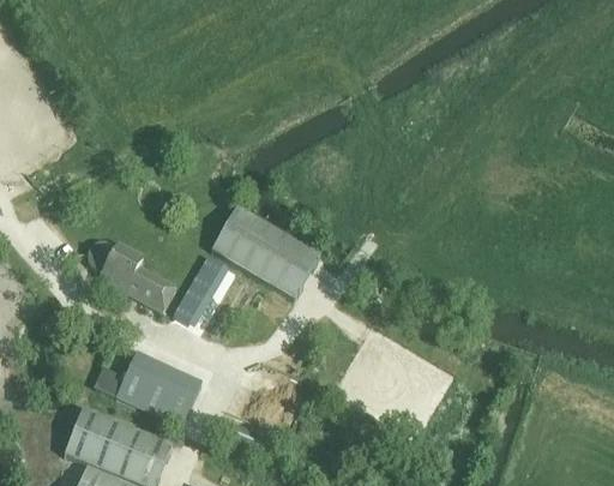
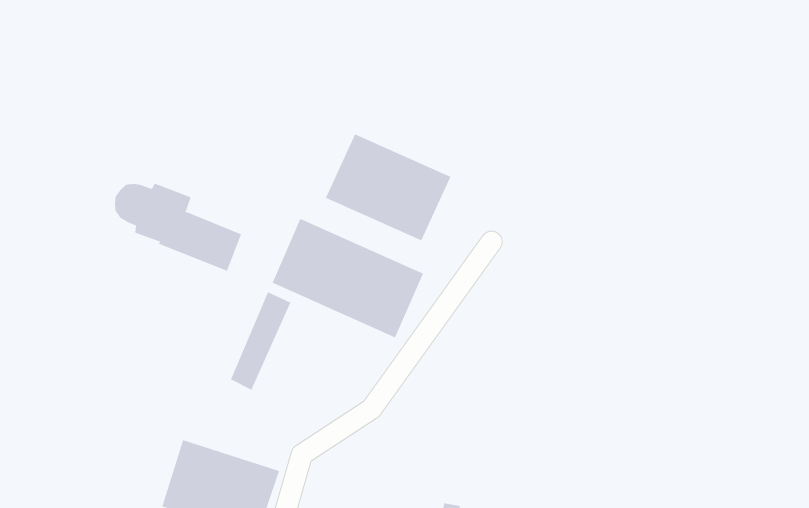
building: none -> [325,134,451,241]
building: [89,241,176,311] -> [114,183,242,271]

